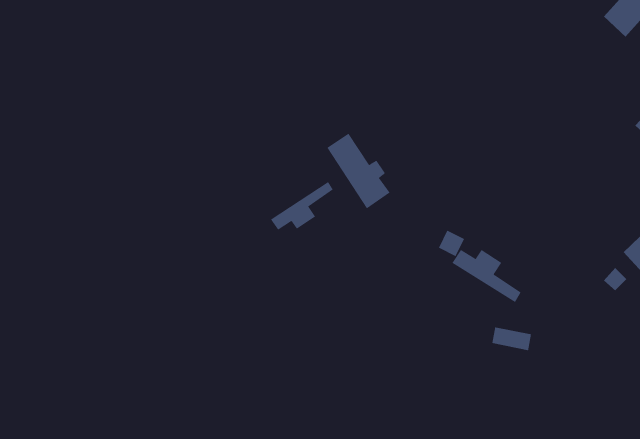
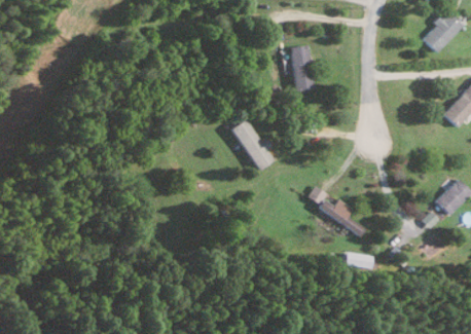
building: none -> [289,45,315,92]
building: [270,181,333,230] -> none

